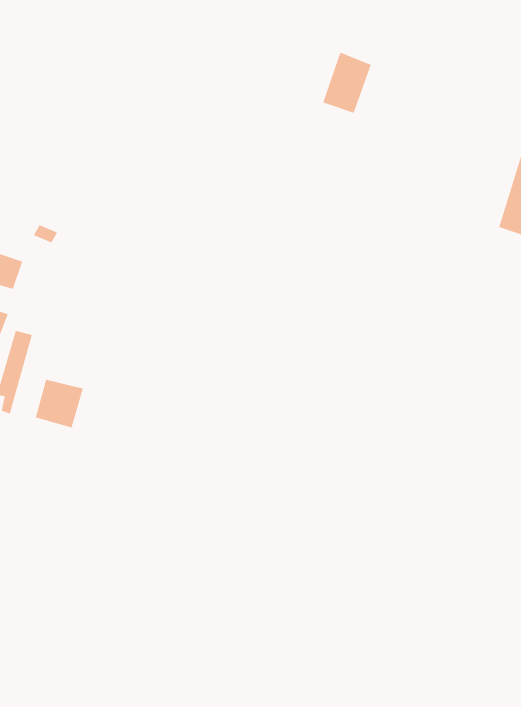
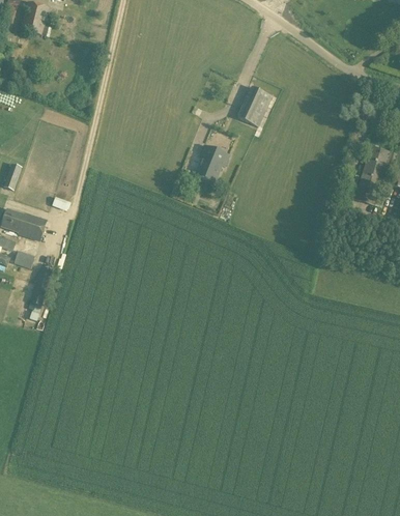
building: none -> [194,143,228,181]
building: [35,379,84,428] -> none

